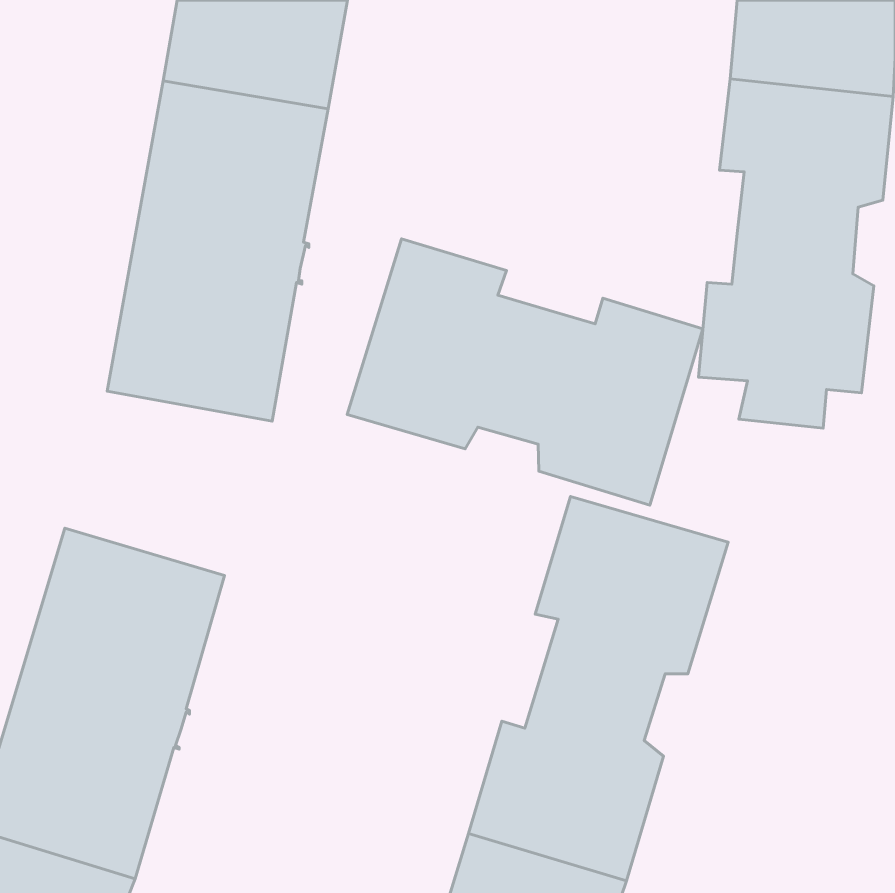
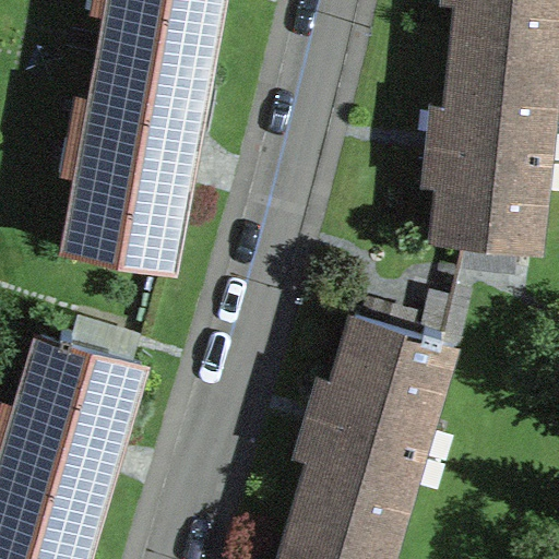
building: [347,239,703,505] -> none

